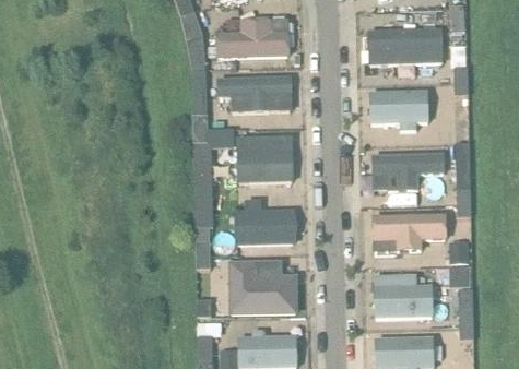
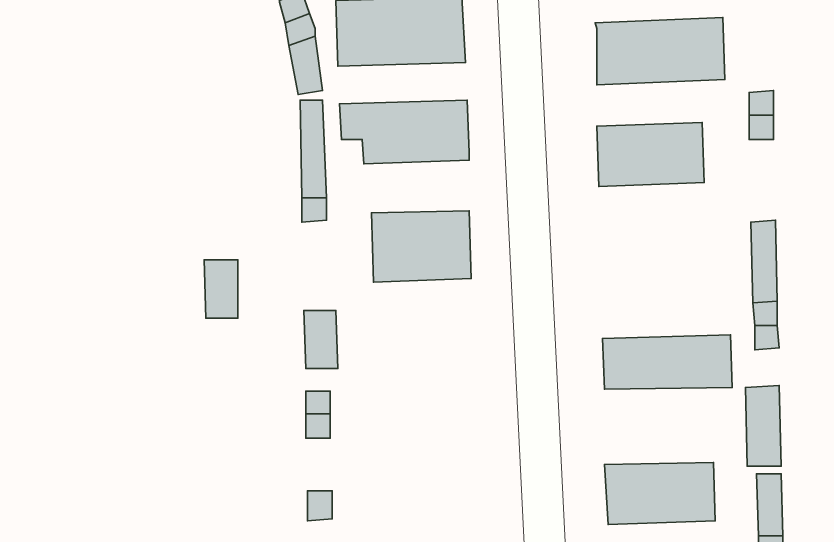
building: [367,153,433,177] -> none
building: [194,163,214,197] -> [204,260,238,318]
building: [232,205,293,245] -> none
building: [225,272,300,316] -> none

